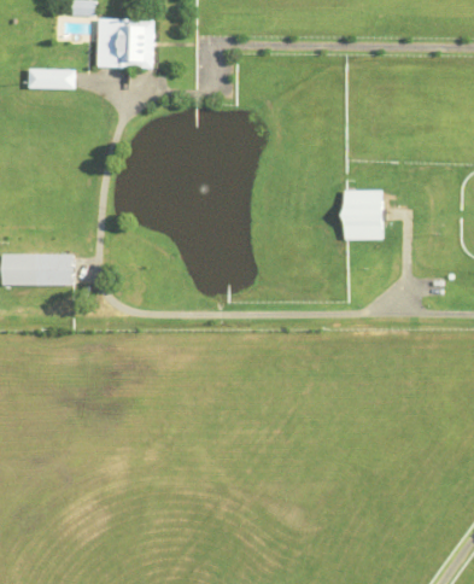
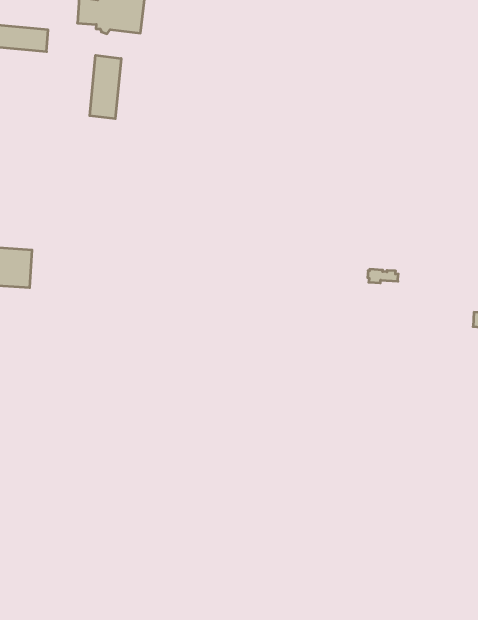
building: none -> [90,55,121,119]
building: [343,191,381,239] -> none

